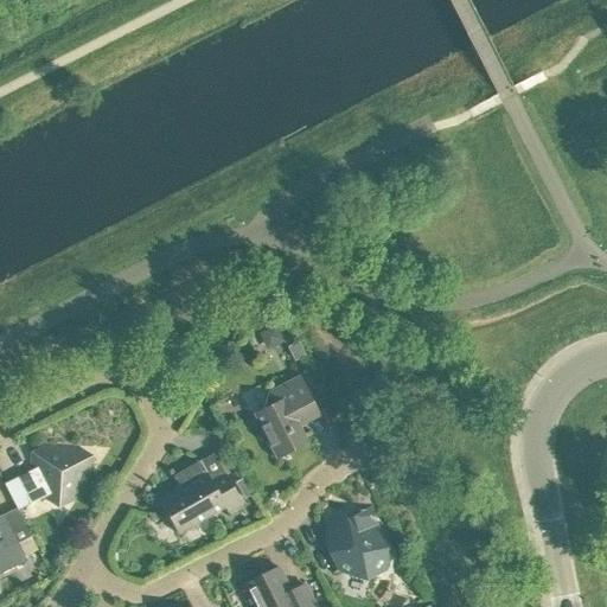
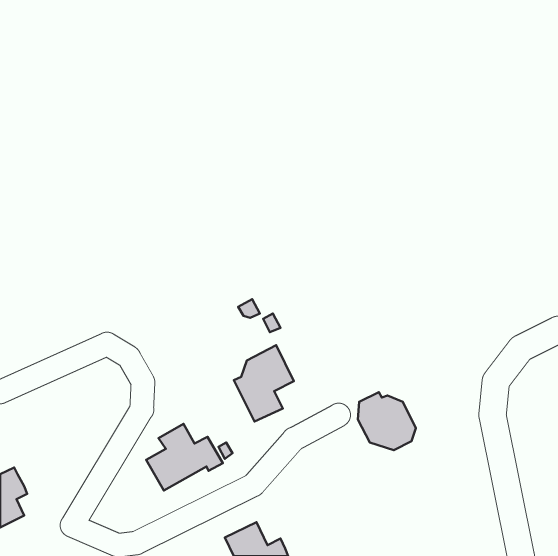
building: [17,443,90,504] -> none
building: [326,513,389,576] -> [358,392,416,450]

